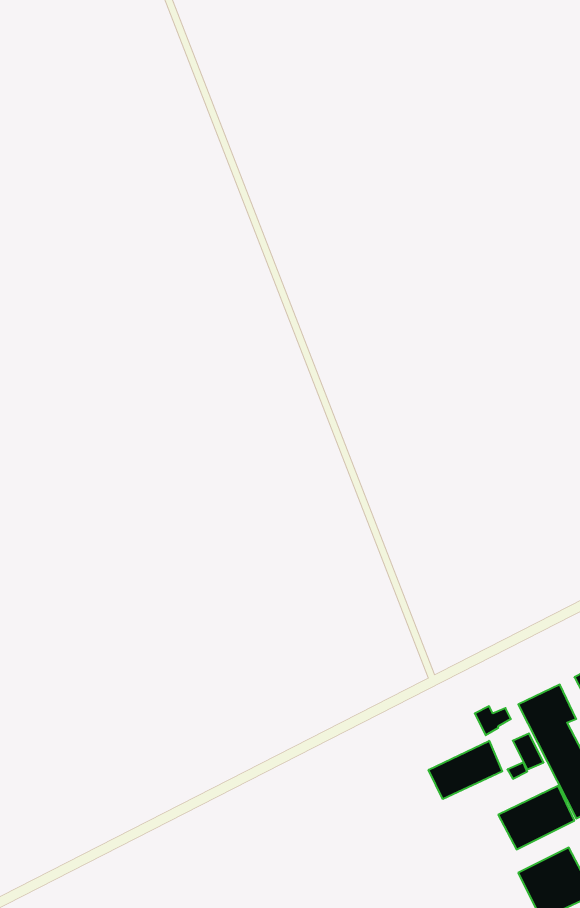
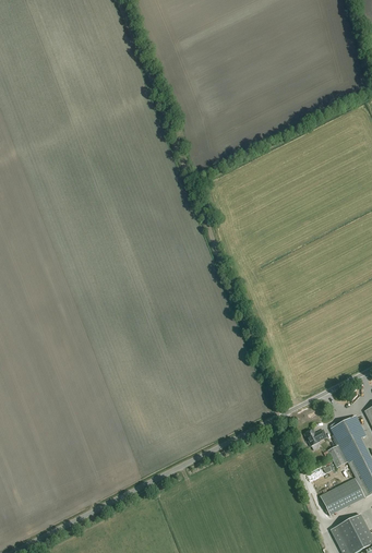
building: [429,741,502,799] -> none

